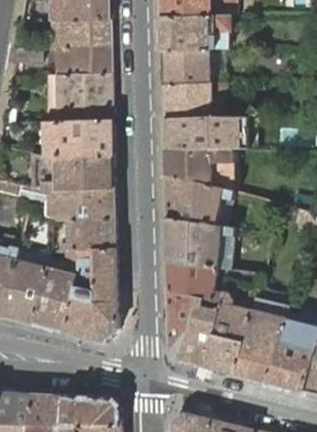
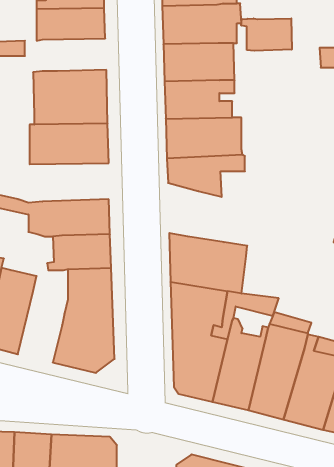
building: none -> [241,18,292,51]
building: [55,46,112,75] -> none
building: [33,154,114,191] -> none
building: [166,173,235,226] -> none
building: [34,249,78,331] -> none

